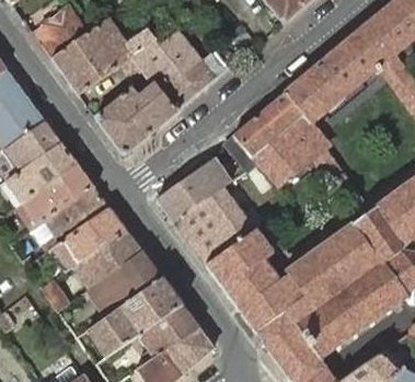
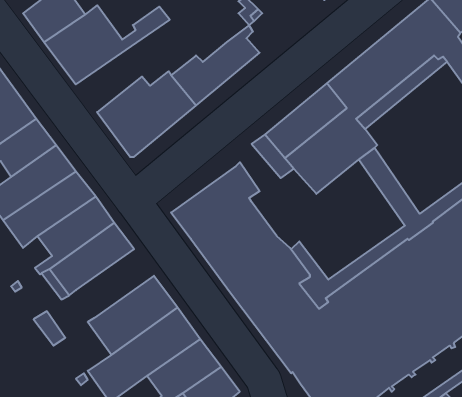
building: [124,28,203,85] -> none
building: [78,230,142,287] -> none

